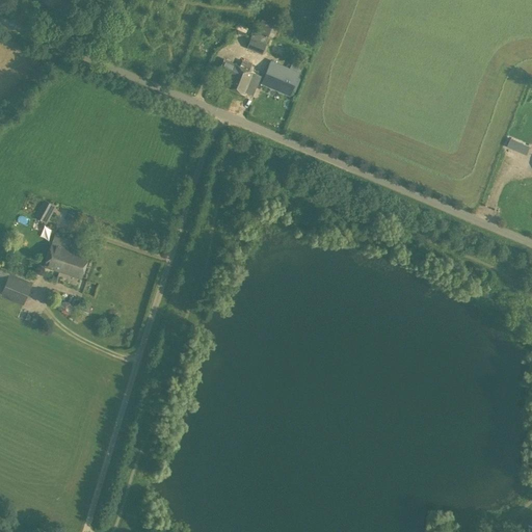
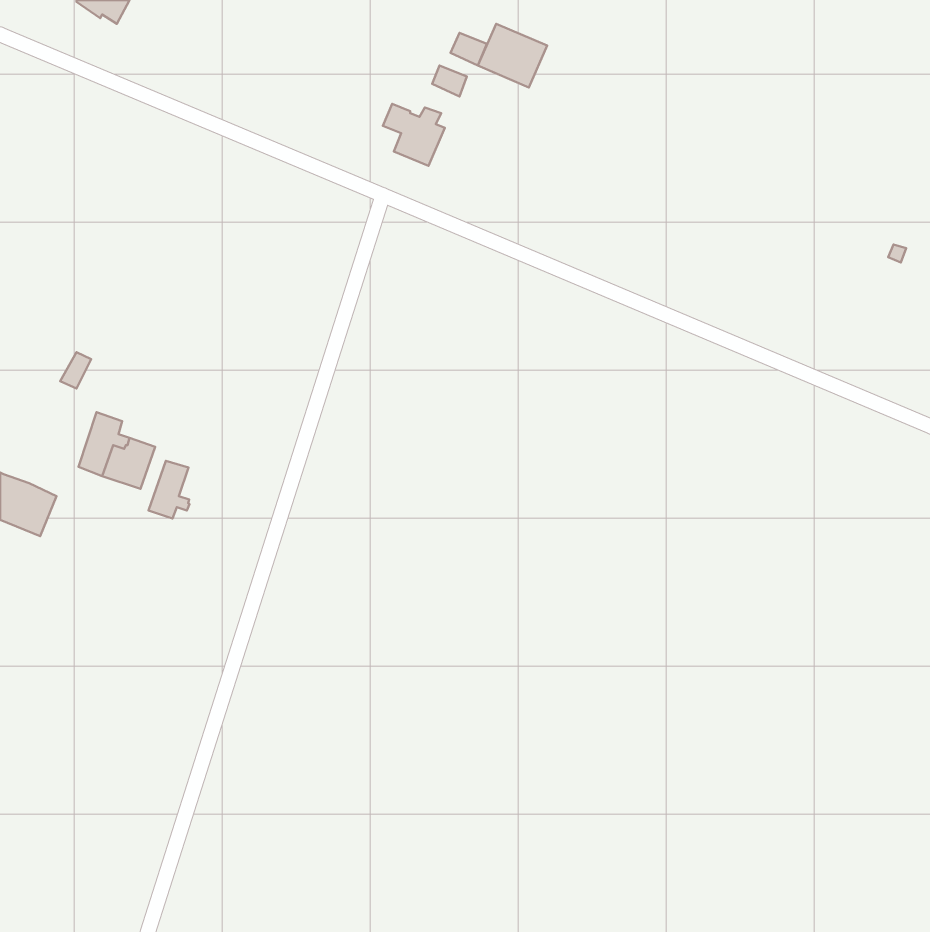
building: [261,60,300,97] -> [478,24,547,88]
building: none -> [149,461,190,518]

